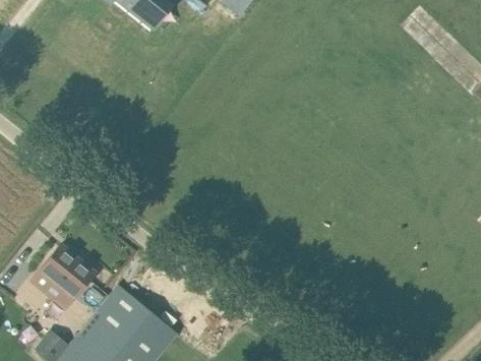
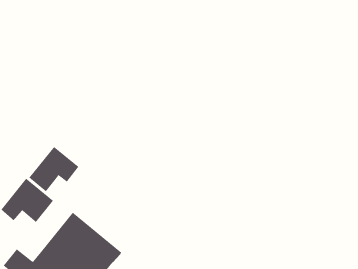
building: none -> [28,146,79,192]

